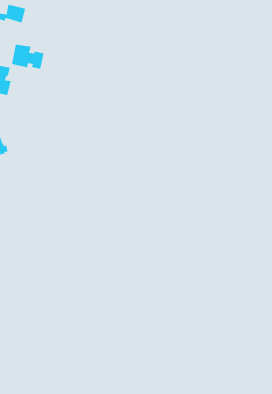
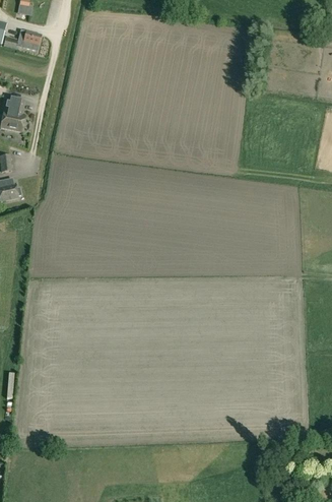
building: [11,44,44,69] -> none

